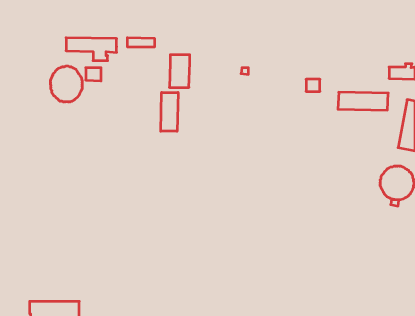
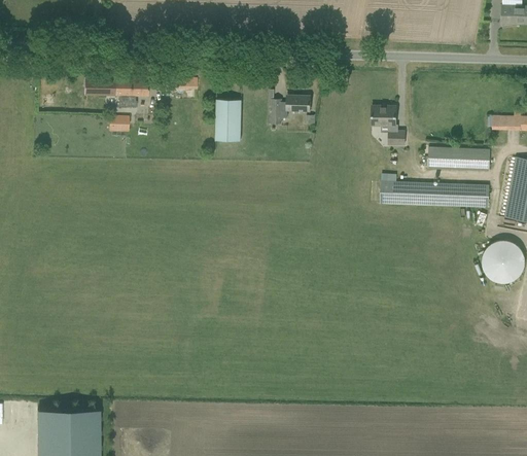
building: none -> [272,95,310,124]
building: none -> [372,105,394,126]
building: [51,66,82,102] -> none
building: [161,92,178,131] -> none
building: none -> [381,180,488,207]

